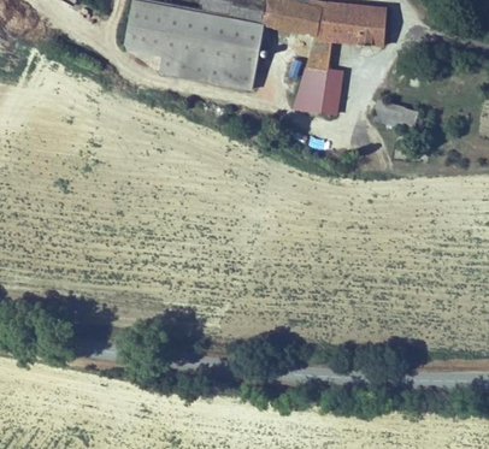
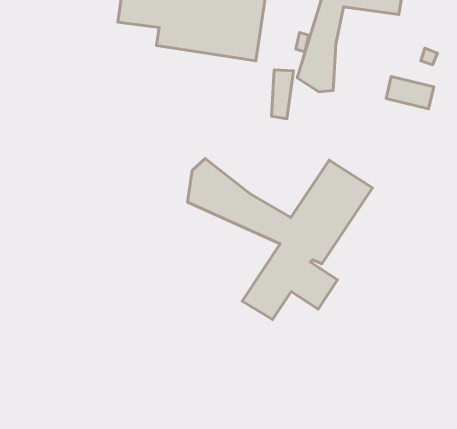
building: [325,72,346,118] -> [272,70,293,119]
building: none -> [187,158,373,320]

